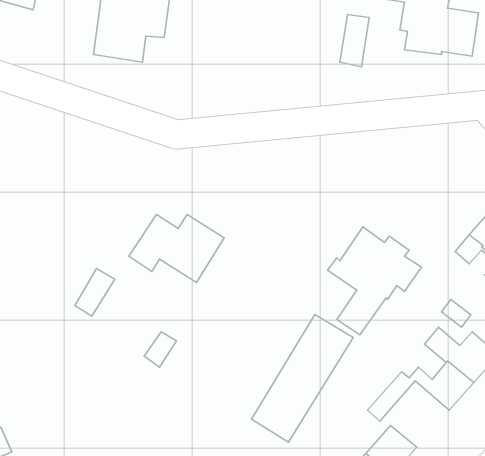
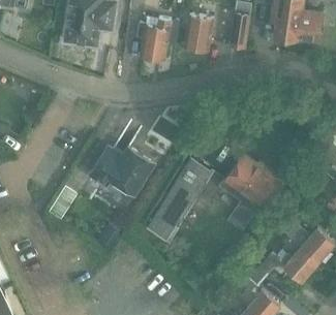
building: none -> [184,14,214,52]
building: none -> [138,19,180,62]
building: [252,315,353,442] -> [147,156,215,242]

